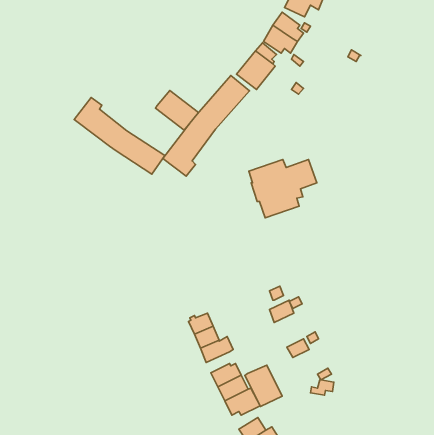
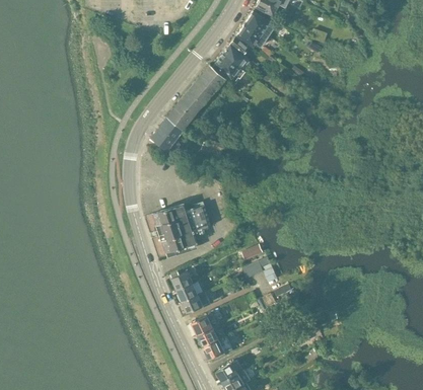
building: [156,91,198,130] -> none
building: [74,97,165,174] -> none
building: [249,159,317,218] -> [153,206,212,256]
building: [245,365,282,406] -> none

